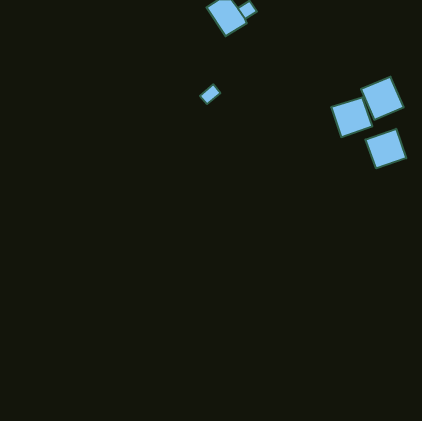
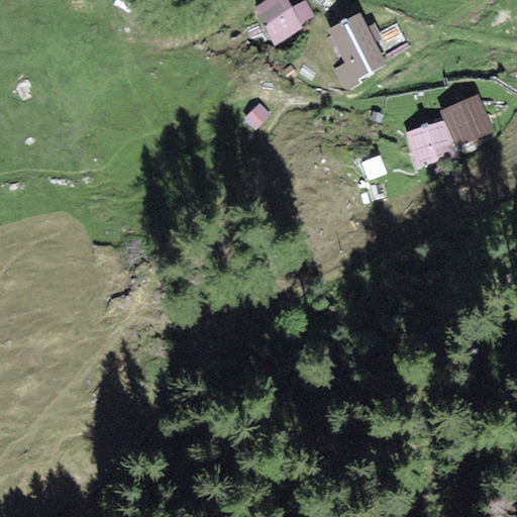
building: none -> [328,12,386,89]
building: [365,129,406,168] -> none

